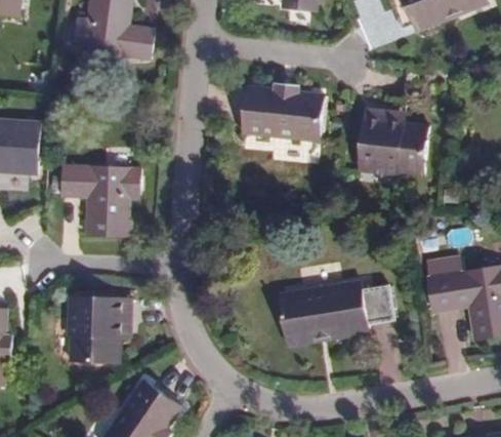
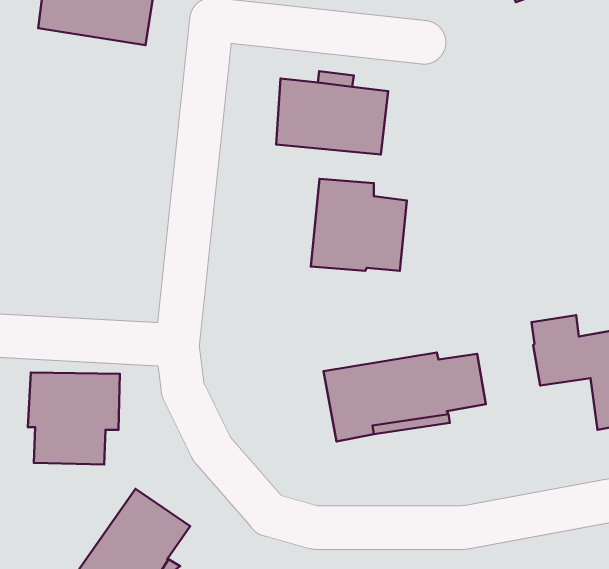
building: [359,111,427,176] -> [311,179,407,271]
building: [60,160,140,233] -> none

